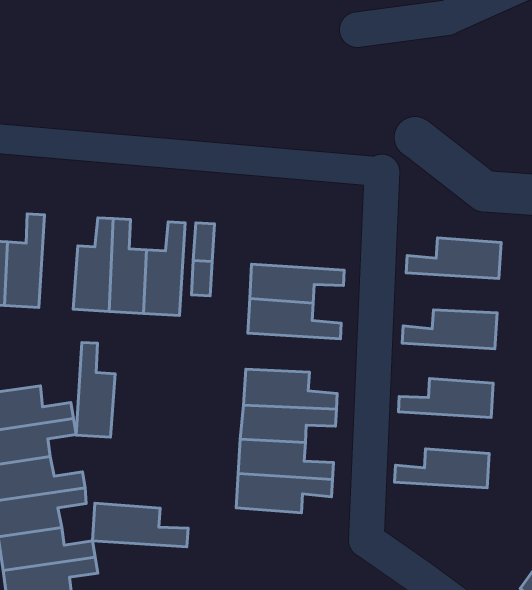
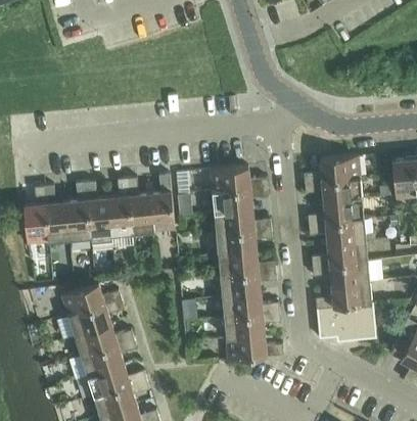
building: none -> [210,167,267,192]
building: none -> [304,178,361,202]
building: none -> [216,228,272,254]
building: [76,343,115,437] -> [85,181,110,237]
building: none -> [308,220,365,243]
building: none -> [312,261,369,285]
building: none -> [316,302,375,341]
building: [93,503,188,547] -> [225,334,283,360]

